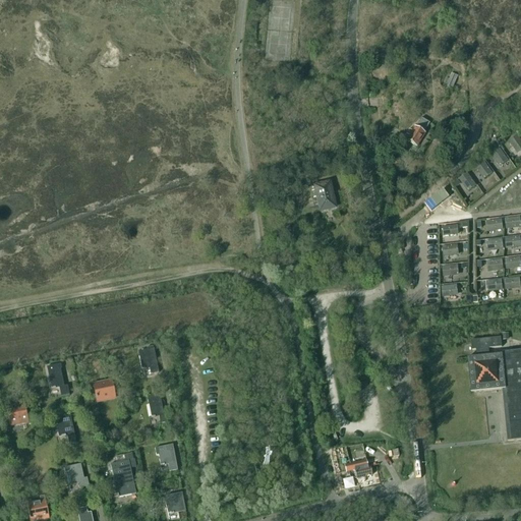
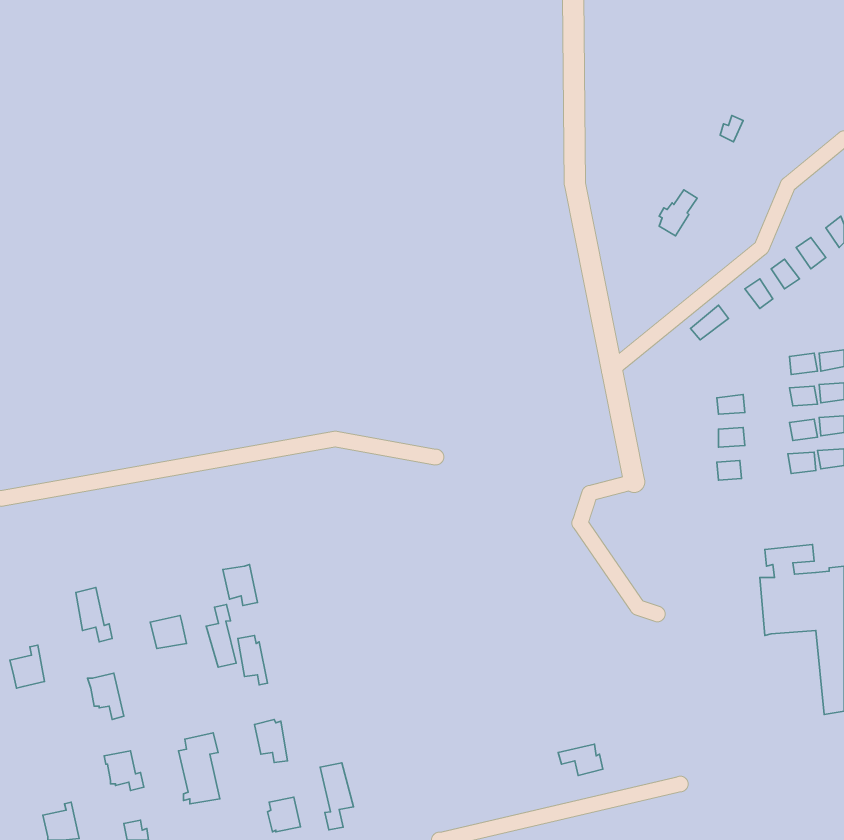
building: [314,181,335,210] -> none
building: none -> [206,604,236,667]
building: none -> [320,763,354,830]

